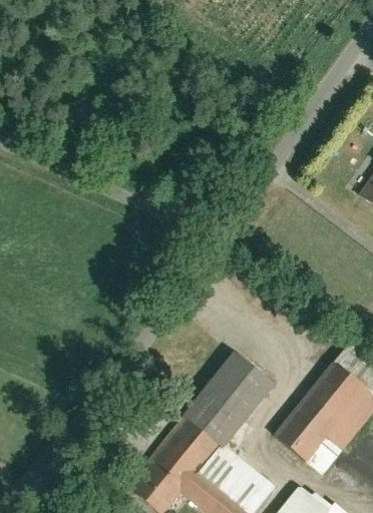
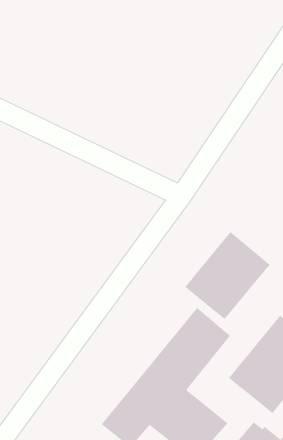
building: none -> [185,231,271,320]

